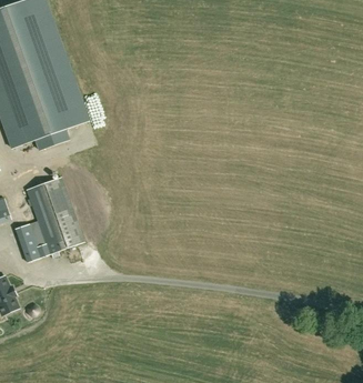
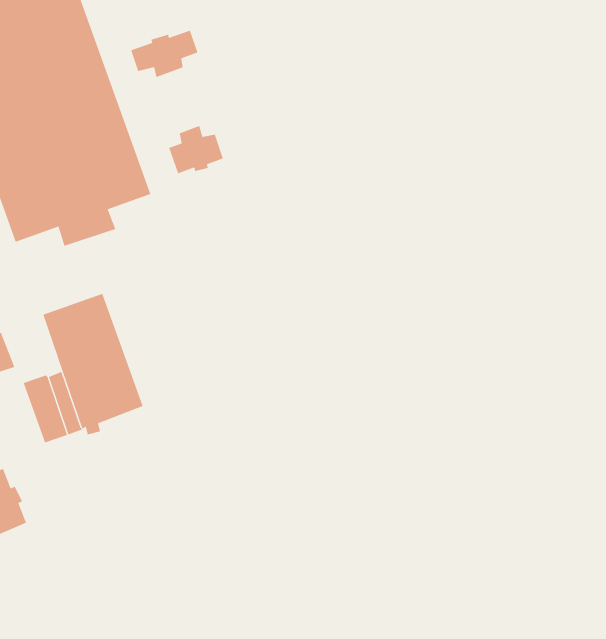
building: none -> [131,30,198,78]
building: none -> [168,125,224,174]

